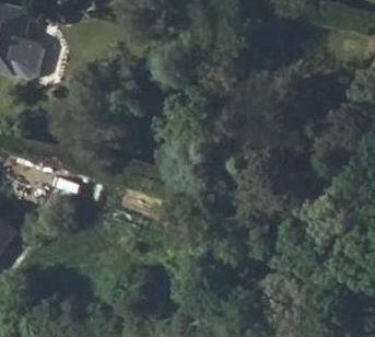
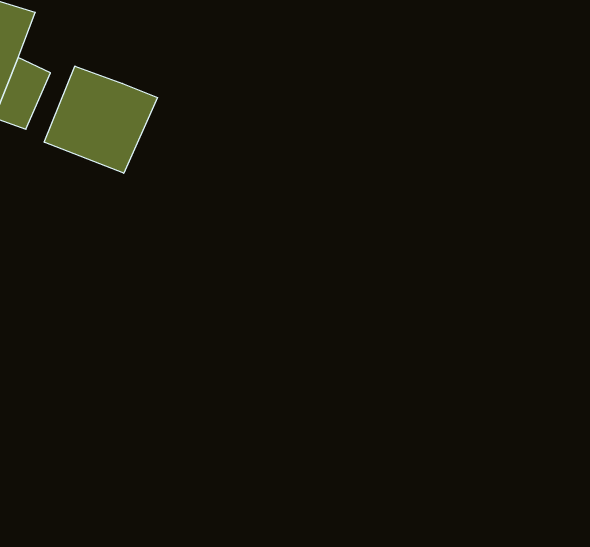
building: none -> [44,66,158,173]

